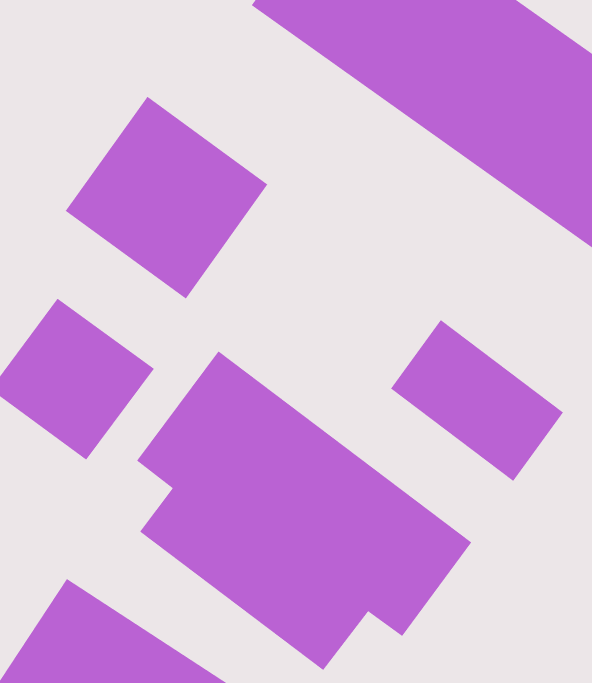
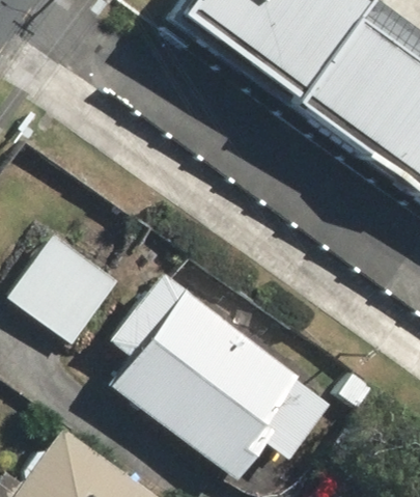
building: [65,96,268,299] -> none
building: [390,319,564,482] -> none

